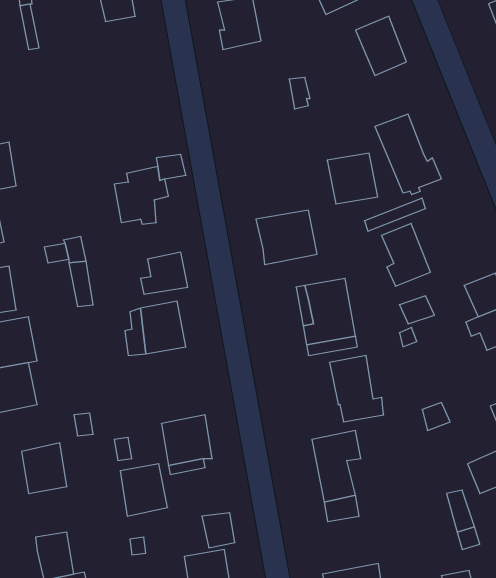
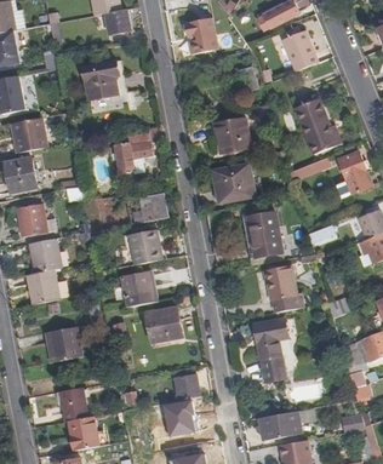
building: none -> [81,61,128,113]
building: [327,153,378,204] -> [215,118,250,153]
building: [381,223,430,286] -> [336,153,370,196]
building: [120,464,168,516] -> [125,270,158,307]

